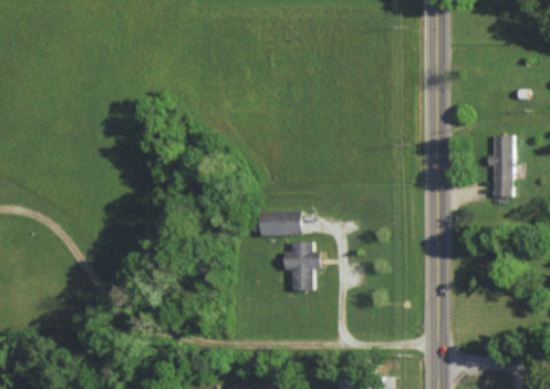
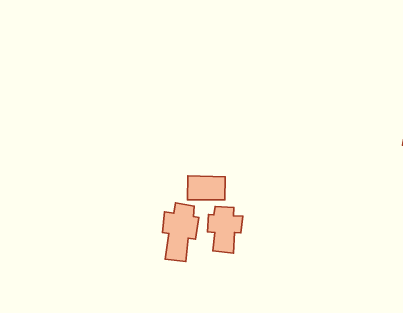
building: none -> [163,203,199,261]

